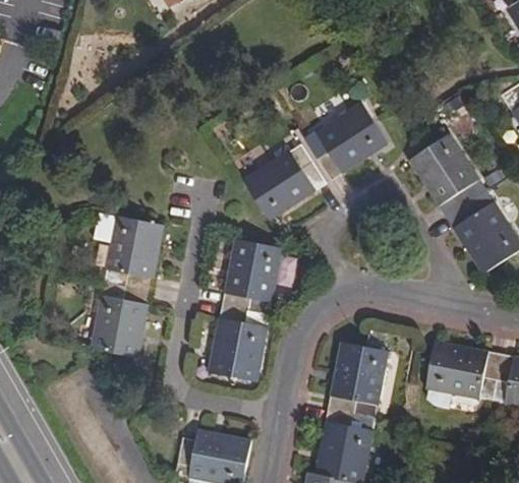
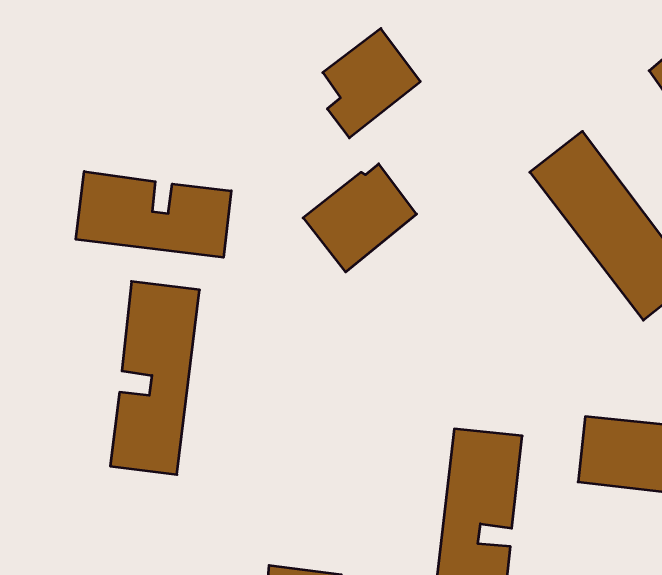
building: [316,103,387,180] -> [323,28,420,138]
building: none -> [76,171,231,257]
building: [208,239,281,379] -> none

